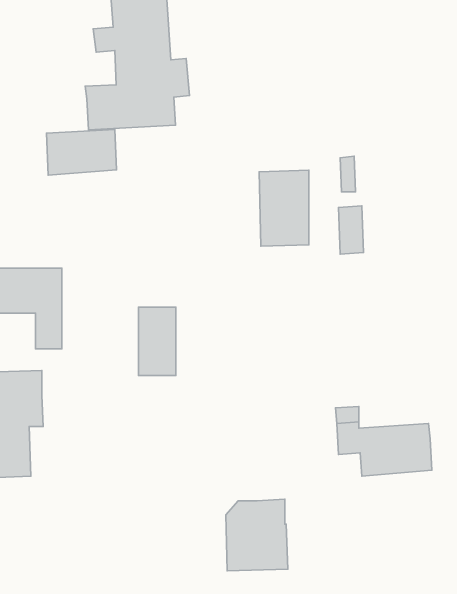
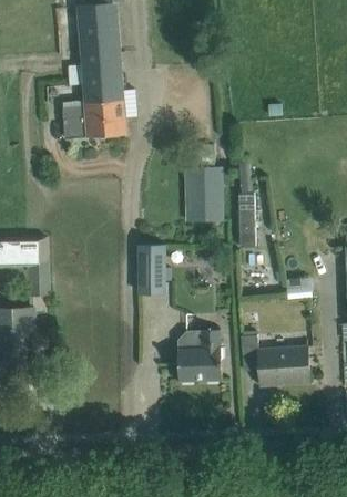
building: [46,129,117,175] -> none
building: [138,307,176,375] -> [137,244,164,292]
building: [226,499,288,571] -> [176,329,221,380]

